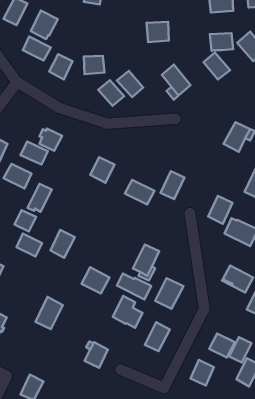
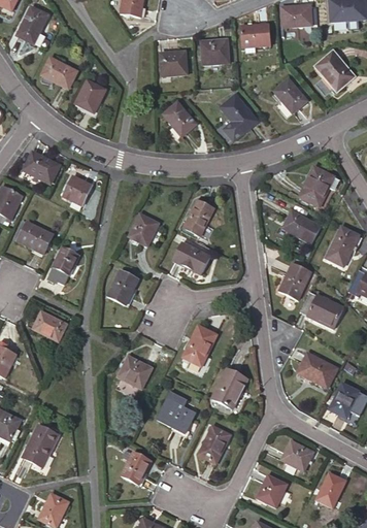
building: [31,11,58,39] -> none
building: [210,33,233,51] -> [240,25,270,47]
building: [84,56,105,74] -> [160,52,187,75]
building: [98,80,124,106] -> none
building: [21,141,48,165] -> [24,153,59,183]
building: none -> [282,210,319,241]
building: [160,171,185,199] -> [182,200,213,236]
building: [15,210,36,232] -> none
building: [51,230,75,258] -> [107,269,138,305]
building: [117,273,151,299] -> none
building: [35,297,63,329] -> [23,425,58,466]
building: [229,337,252,362] -> none

